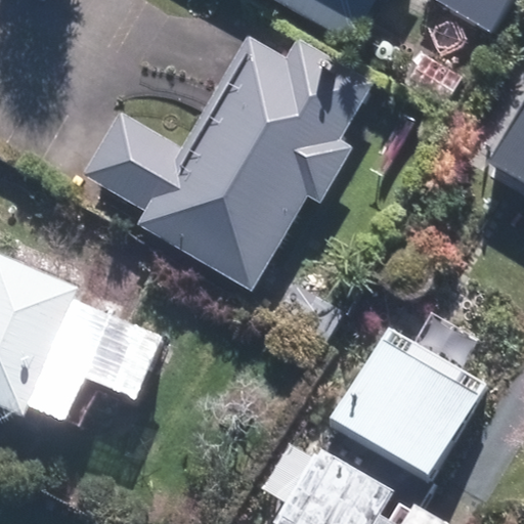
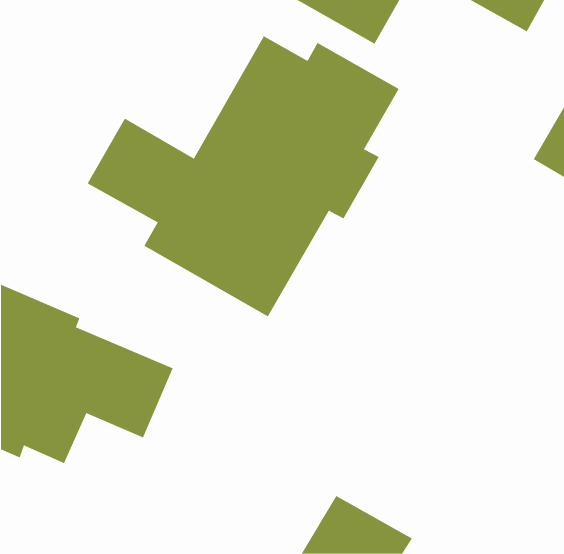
building: [330,326,482,481] -> none

